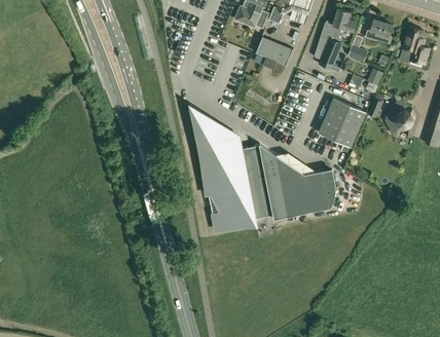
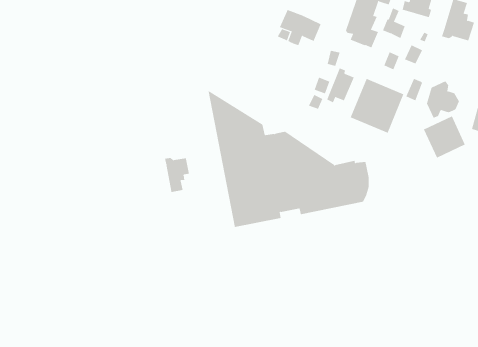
building: none -> [326,68,354,103]
building: none -> [423,115,466,159]
building: none -> [165,157,190,193]

